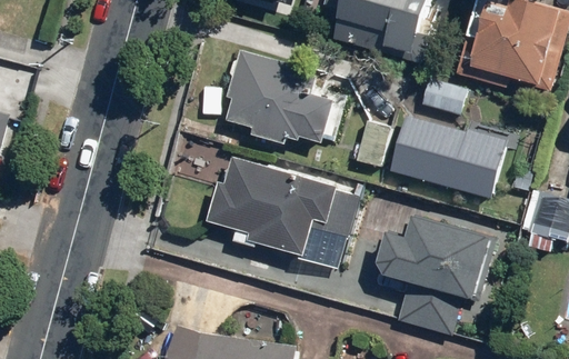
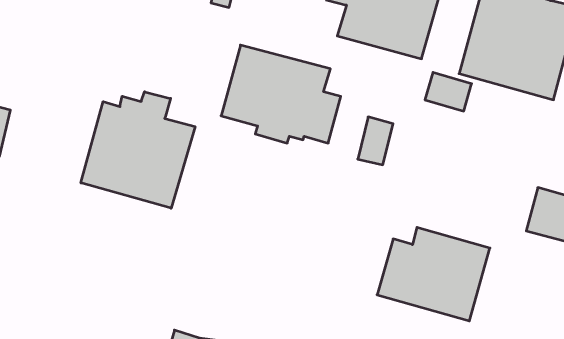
building: none -> [81,92,195,208]
building: [392,113,512,199] -> none
building: [210,157,343,258] -> none

